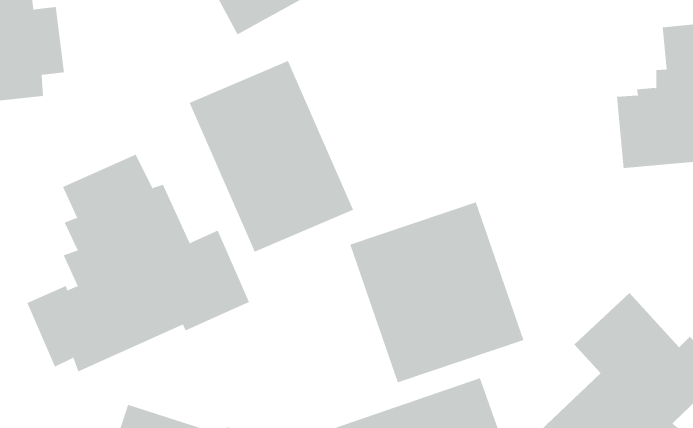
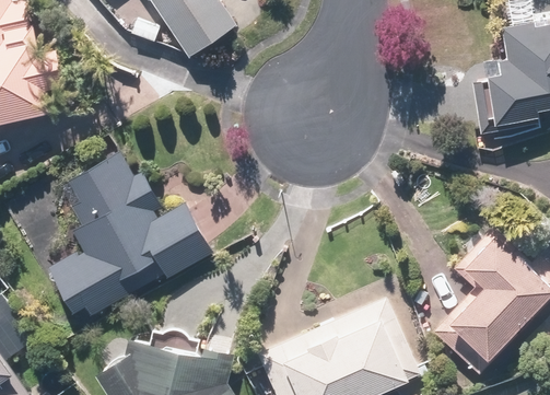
building: [189,60,354,252] -> none
building: [349,202,524,383] -> none

